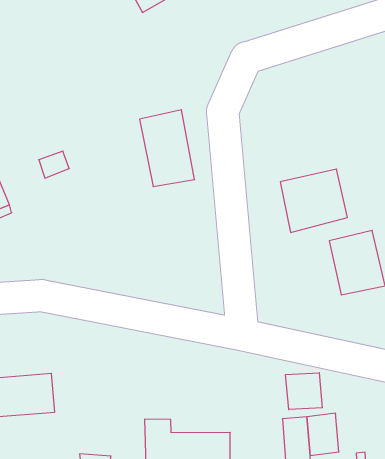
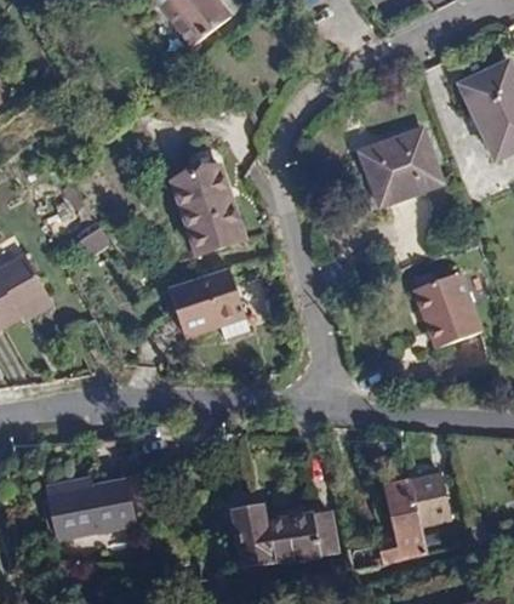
building: [280,169,347,232] -> [360,125,440,203]
building: none -> [177,266,255,337]
building: [286,373,322,410] -> none

